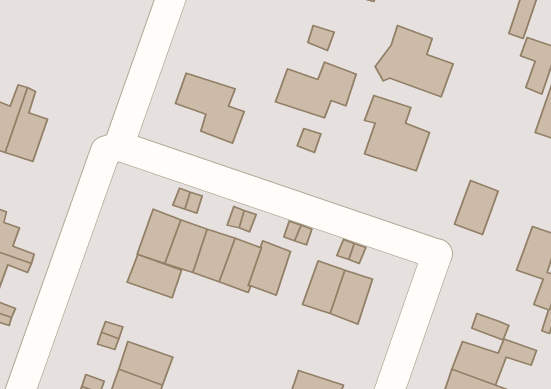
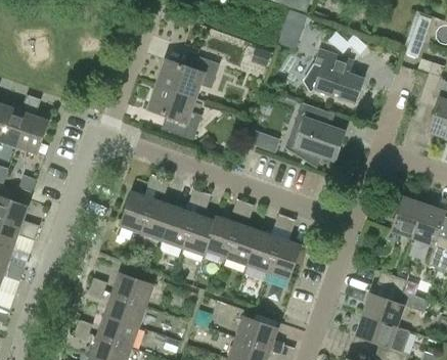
building: [276,62,356,118] -> [157,55,219,98]
building: [455,180,498,235] -> [391,196,424,238]
building: none -> [226,224,259,265]
building: [127,254,181,298] -> [111,272,153,306]

